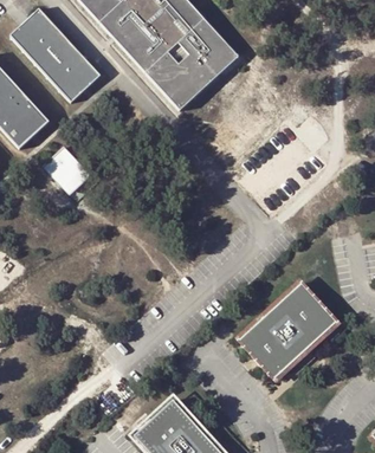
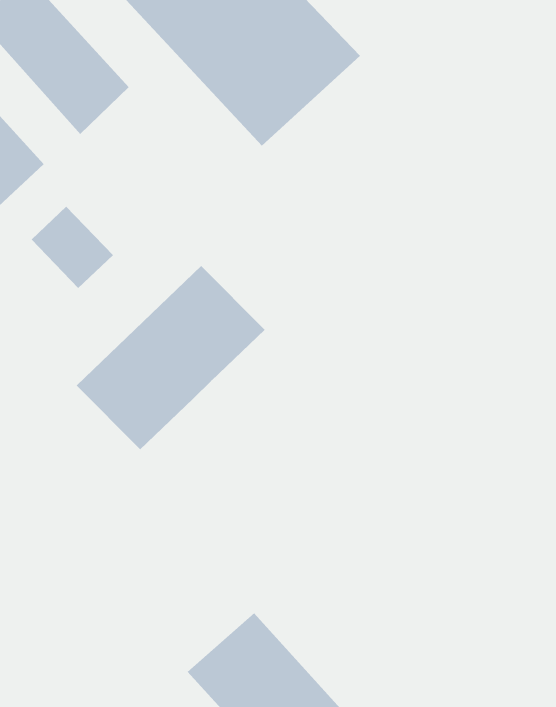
building: none -> [76,265,265,450]
building: [241,274,341,371] -> none

